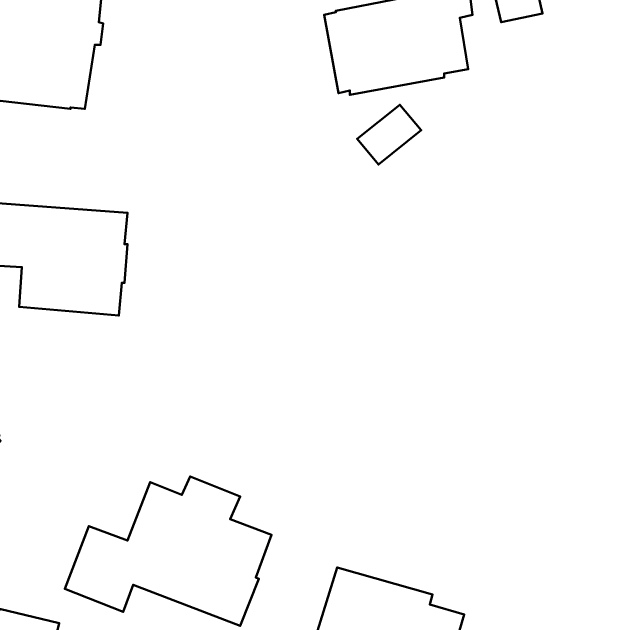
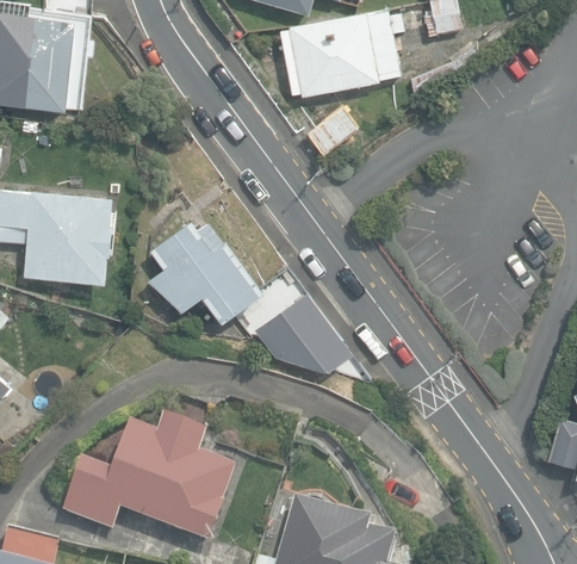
building: none -> [145,216,266,322]
building: none -> [255,286,356,370]

